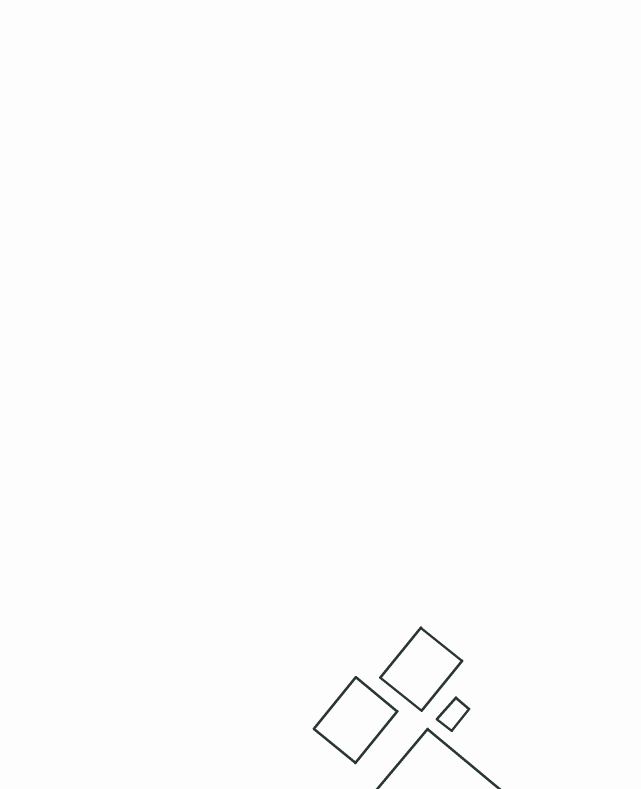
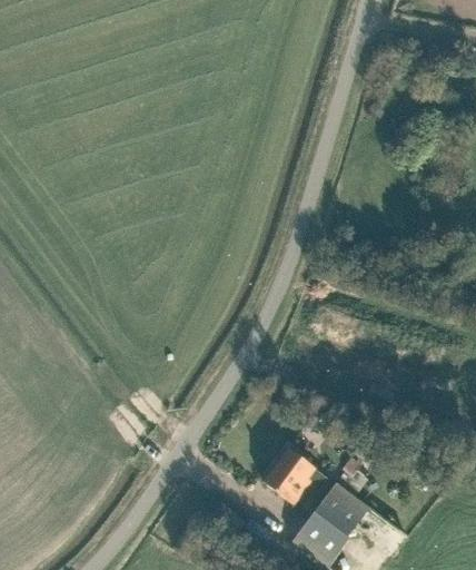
building: [380,628,462,711] -> none

